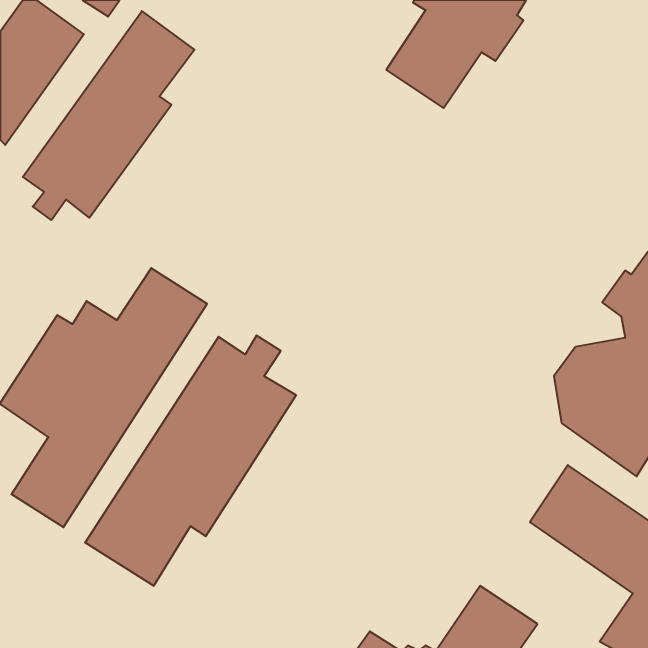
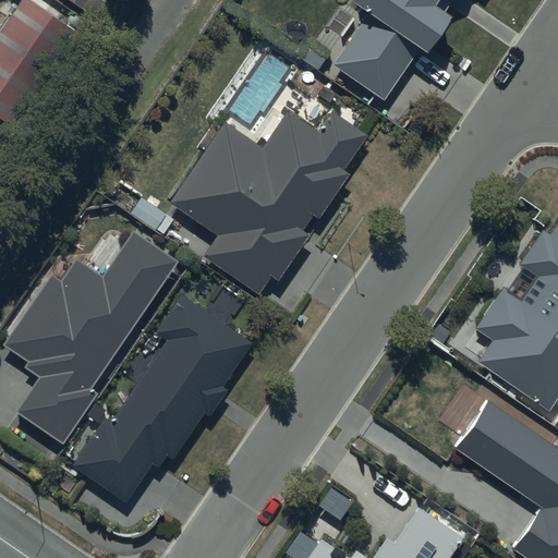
building: [23,11,194,220] -> none
building: none -> [170,110,365,295]

